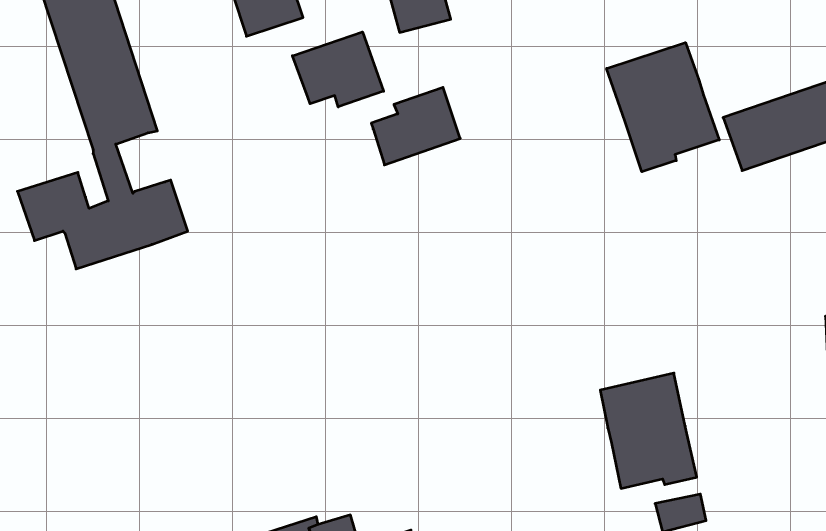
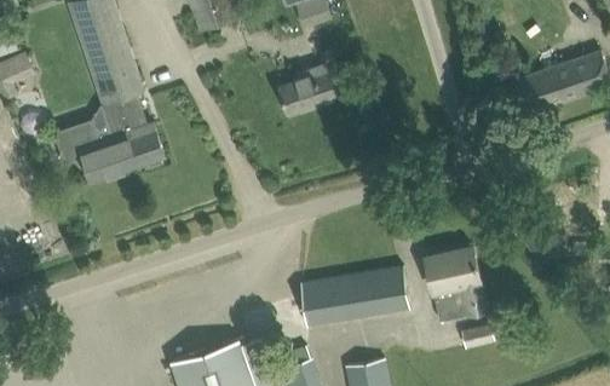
building: [292,32,384,107] -> none
building: [607,43,719,172] -> none
building: none -> [300,266,409,324]

